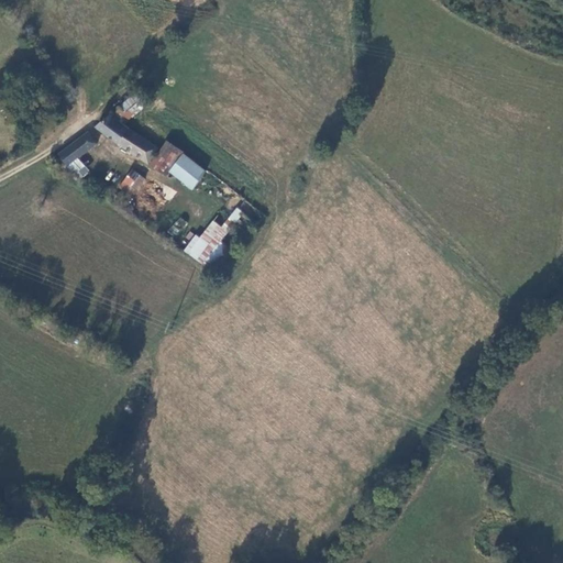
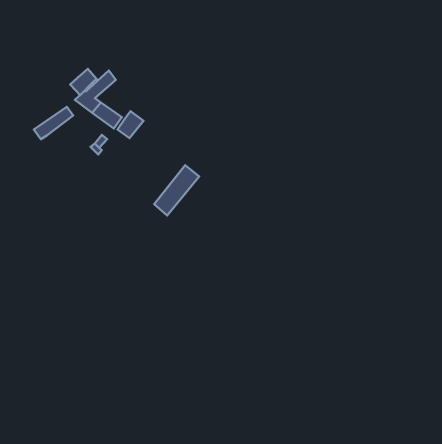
building: none -> [70,69,97,95]
building: [167,153,205,188] -> none

